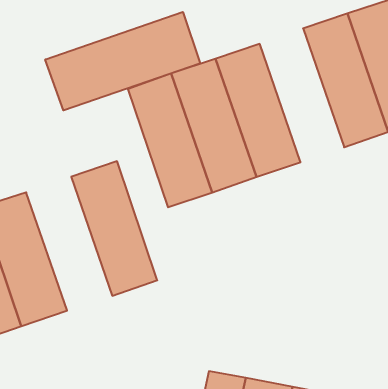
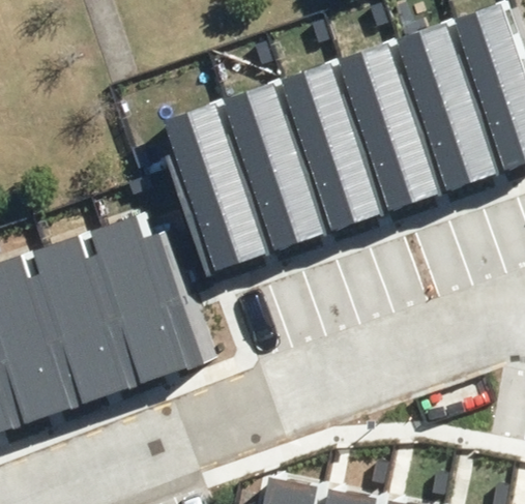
building: [45,12,200,110] -> none
building: none -> [333,43,440,212]
building: none -> [38,231,147,399]

